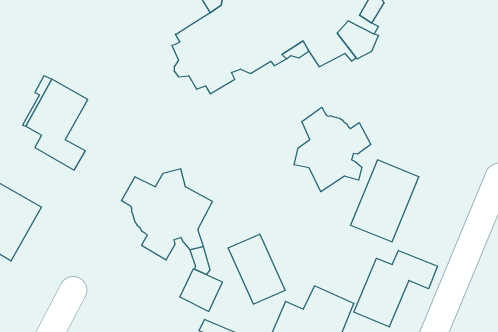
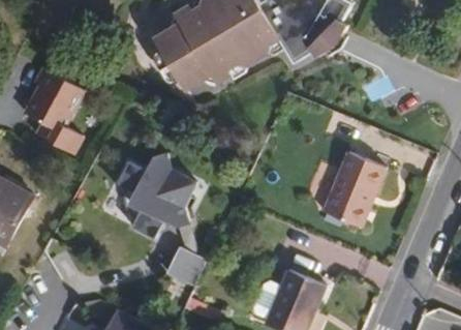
building: [294,107,371,192] -> none
building: [228,234,285,304] -> none
building: [354,250,437,327] -> none

